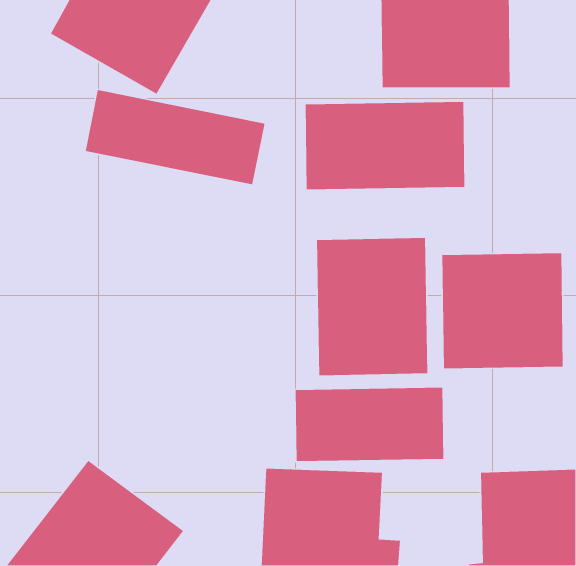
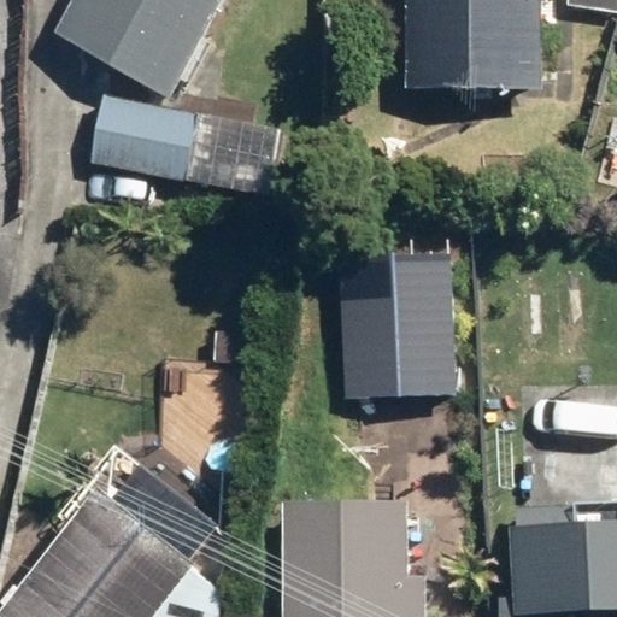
building: [305,101,465,190] -> none
building: [442,253,564,369] -> none
building: [295,387,444,462] -> none

